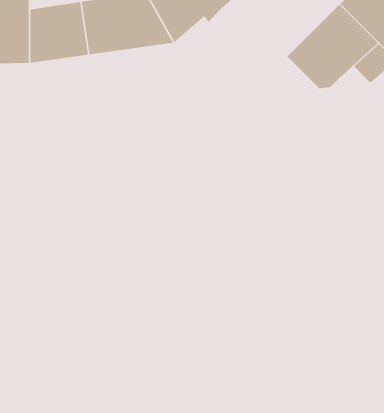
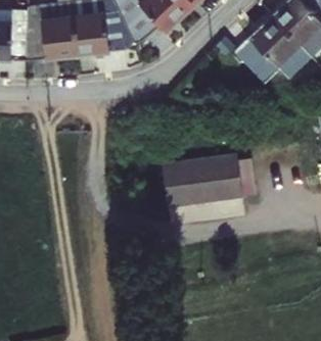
building: none -> [159,157,237,207]

